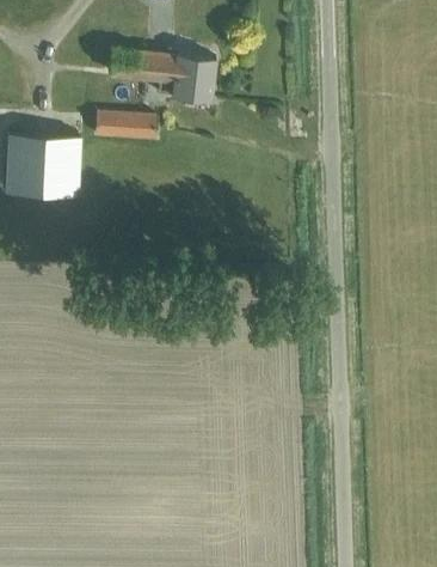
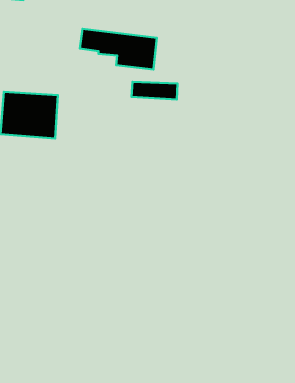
building: [97,116,159,140] -> [132,82,178,100]

